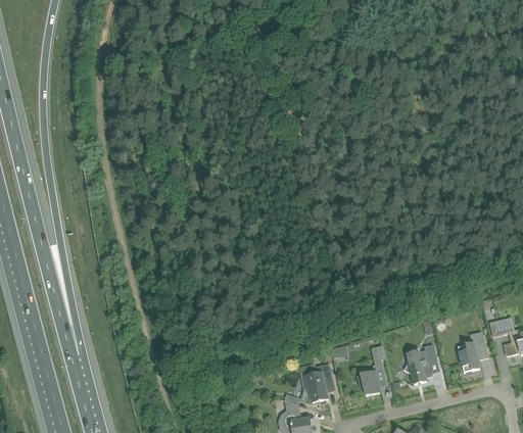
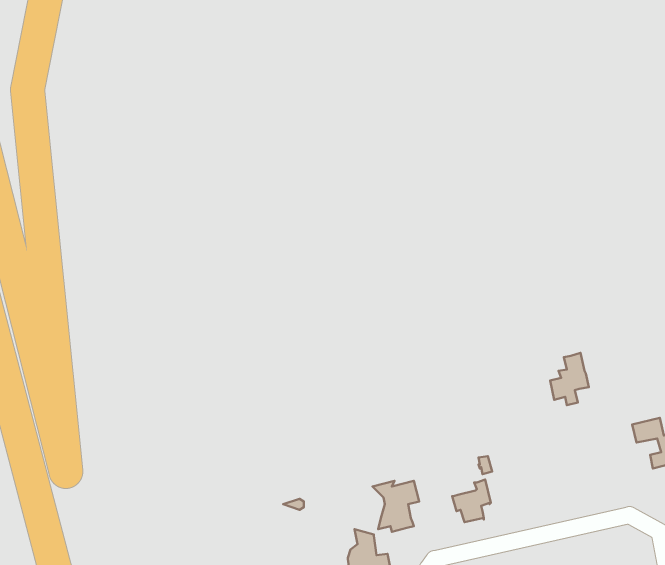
building: [459,332,487,371] -> [550,353,589,405]
building: [403,345,439,384] -> none

